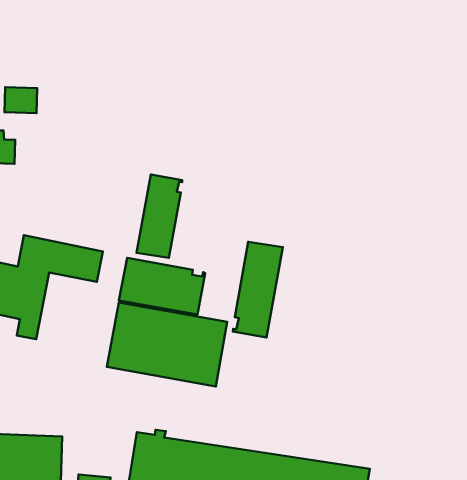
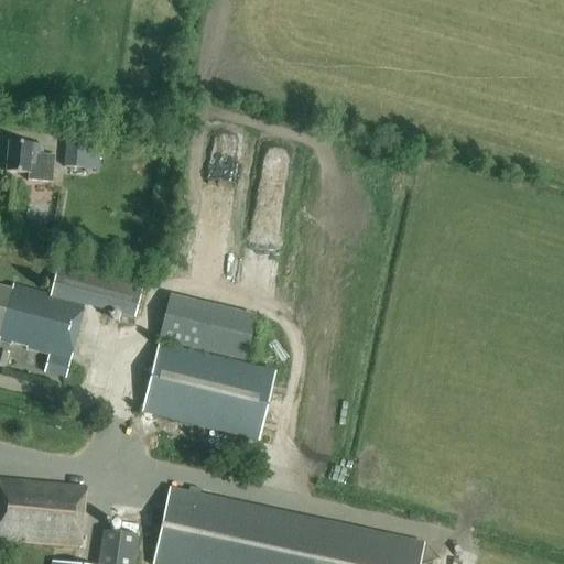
building: [5,87,37,113] -> [64,138,101,169]
building: [137,174,182,258] -> none
building: [233,242,283,338] -> none

